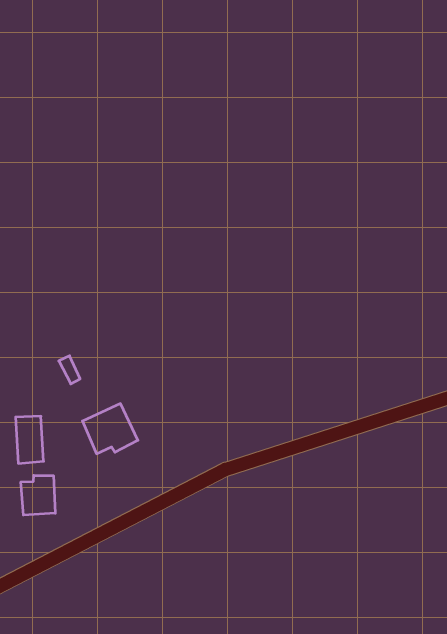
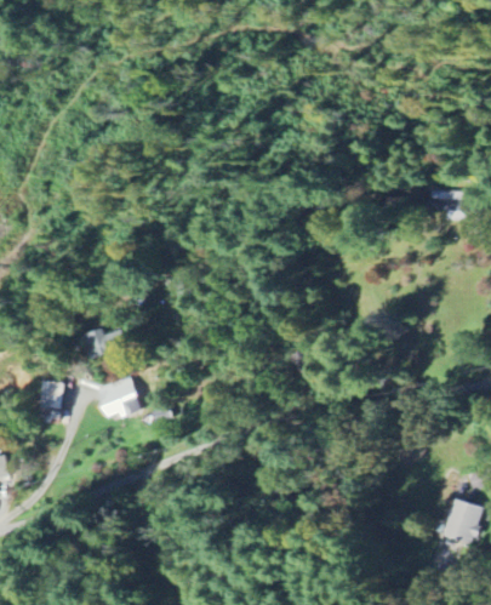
building: [21,475,55,515] -> none

